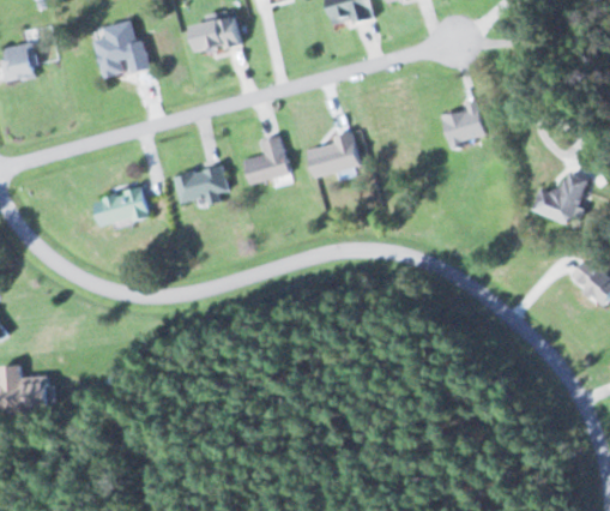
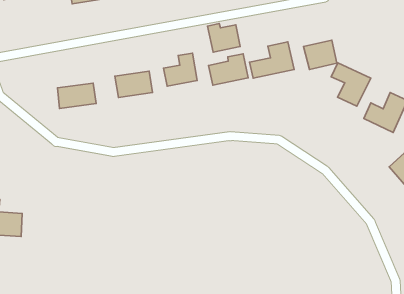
building: none -> [207,23,240,52]
building: none -> [249,42,294,78]
building: none -> [331,63,371,106]

